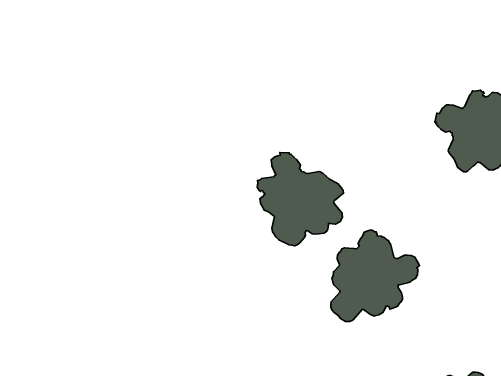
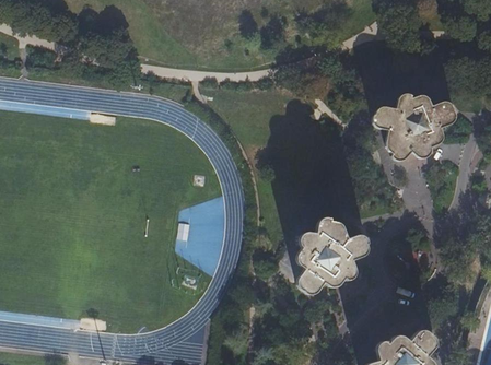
building: [257,153,343,246] -> none

